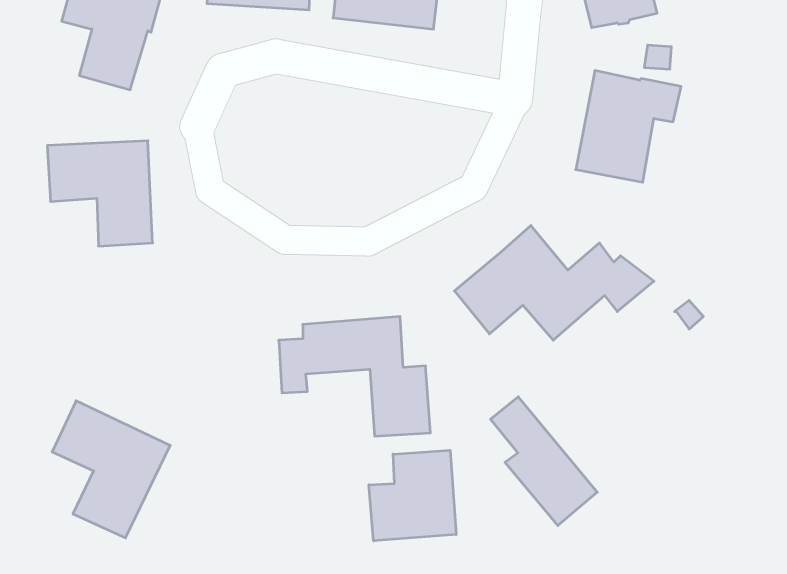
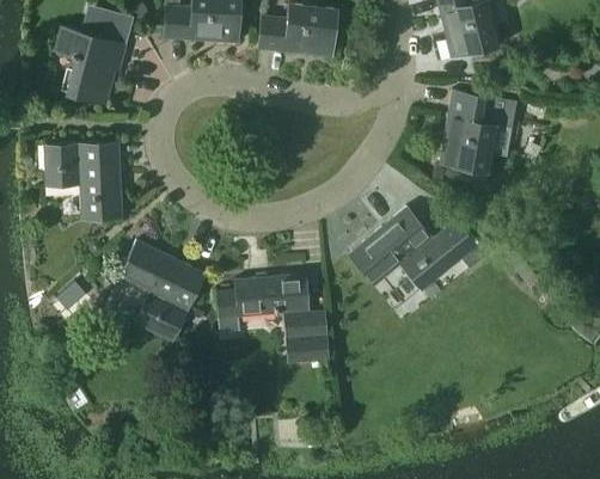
building: [491,397,597,526] -> none
building: [52,401,170,538] -> [118,240,207,343]
building: [369,450,456,541] -> none

